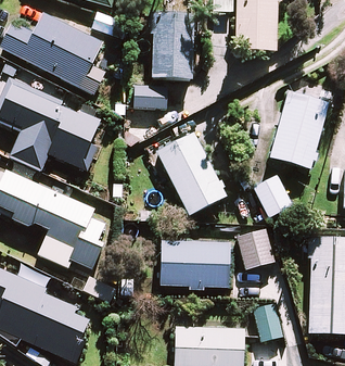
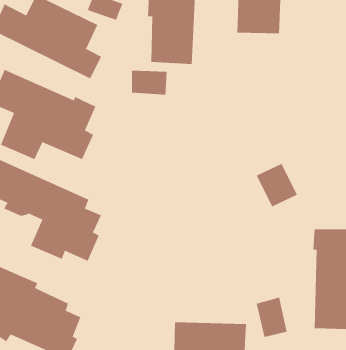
building: [269,91,330,169] -> none
building: [157,131,228,215] -> none
building: [238,230,276,270] -> none
building: [161,242,231,290] -> none

